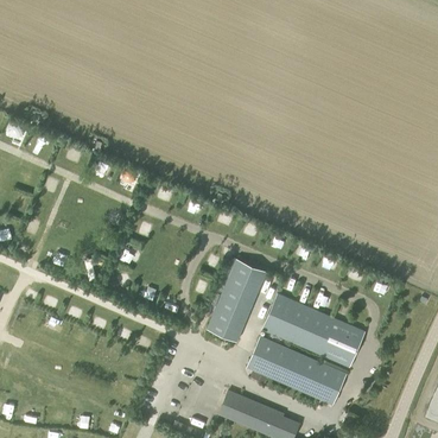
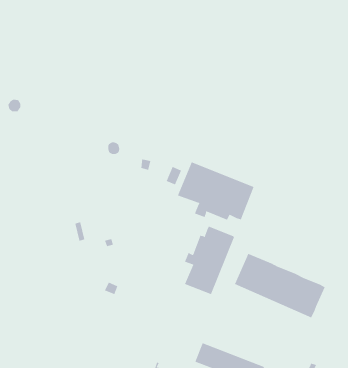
building: none -> [177,162,255,220]
building: [248,337,347,405] -> none

